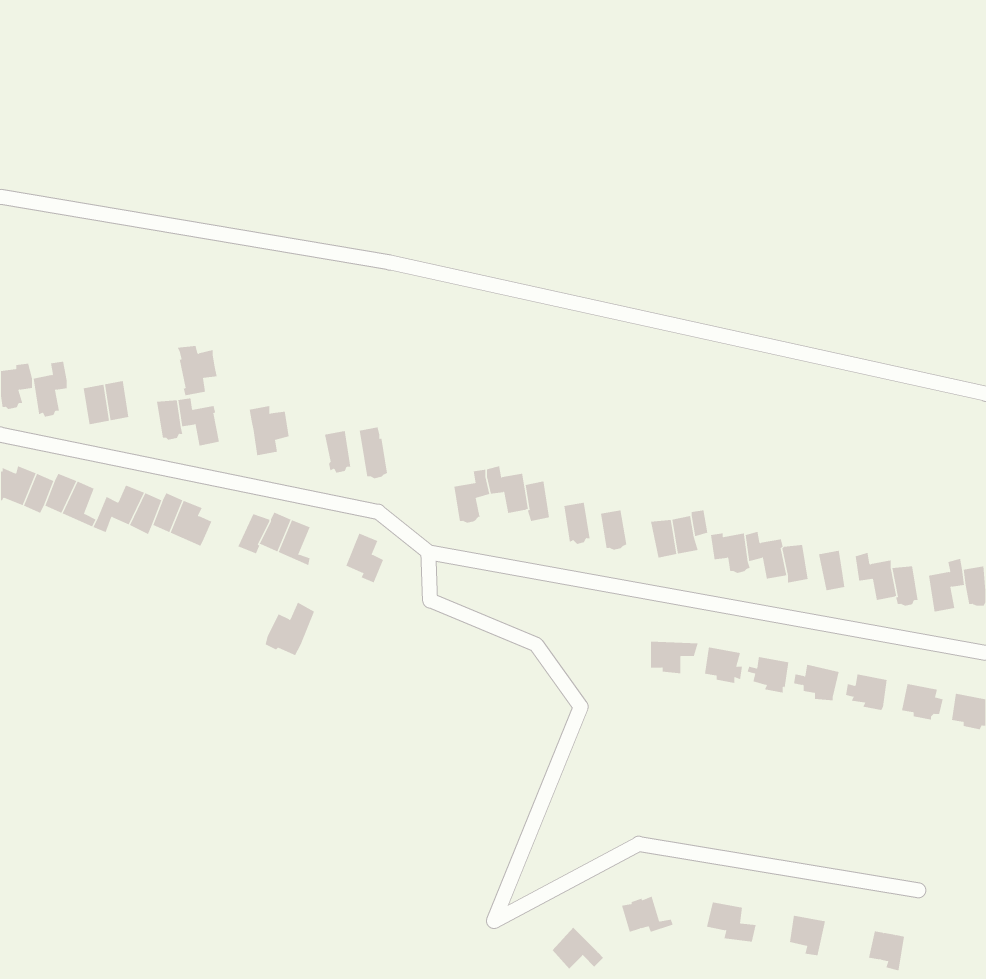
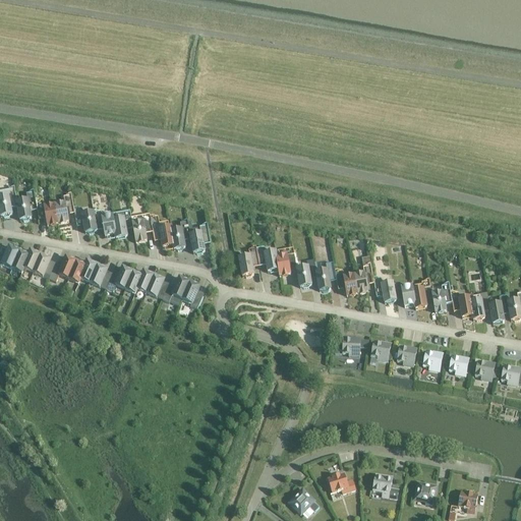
building: [177,346,217,396] -> [112,211,133,237]
building: none -> [151,215,174,245]
building: none -> [106,266,133,291]
building: [265,602,315,656] -> [163,276,189,304]

